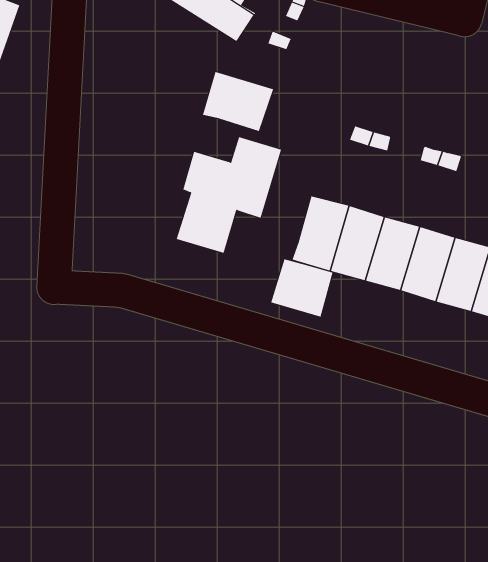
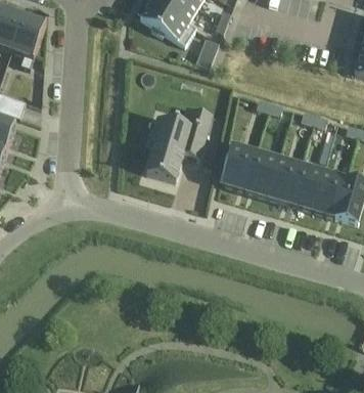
building: [202,71,274,132] -> none
building: [271,258,333,317] -> none

